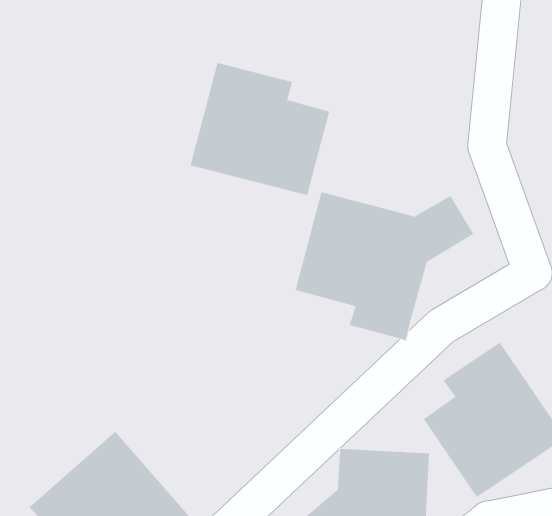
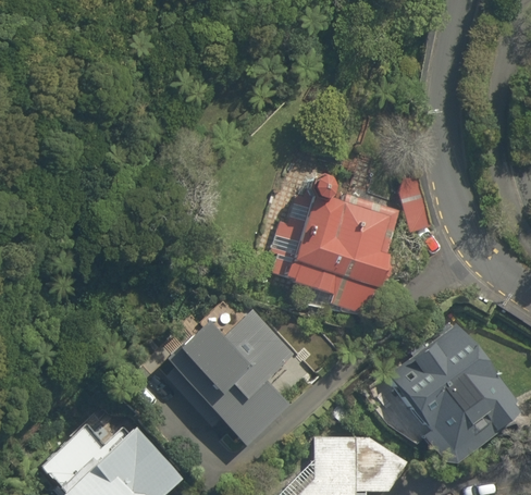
building: [190,62,330,196] -> none
building: none -> [166,309,301,448]

